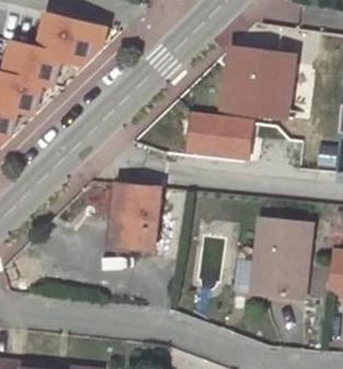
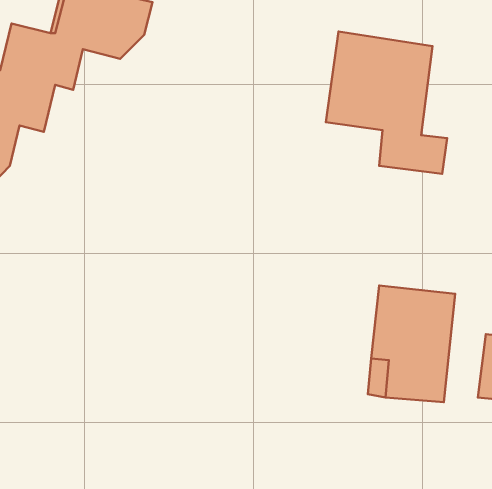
building: [188,114,253,157] -> none
building: [110,181,161,248] -> none

